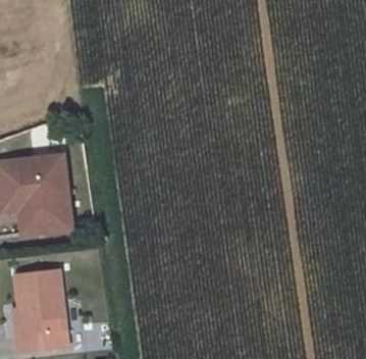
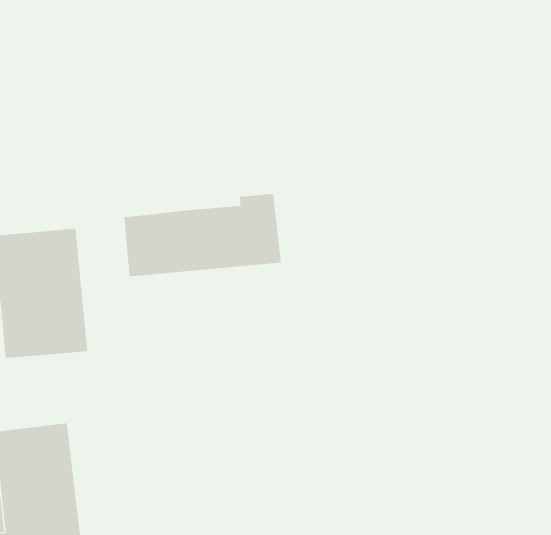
building: none -> [124,193,281,277]

